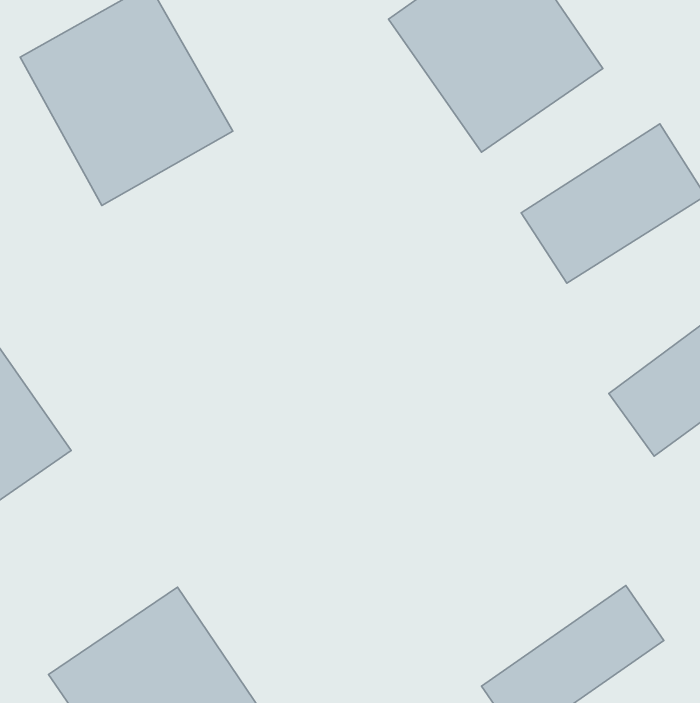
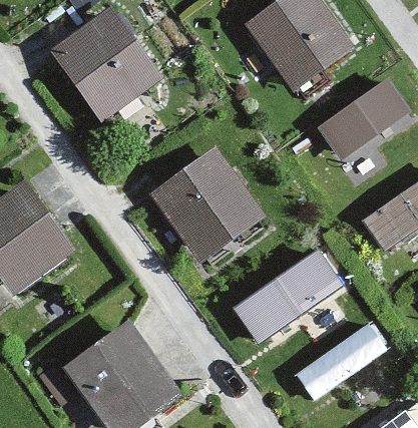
building: none -> [147,144,270,268]
building: none -> [232,247,345,344]

